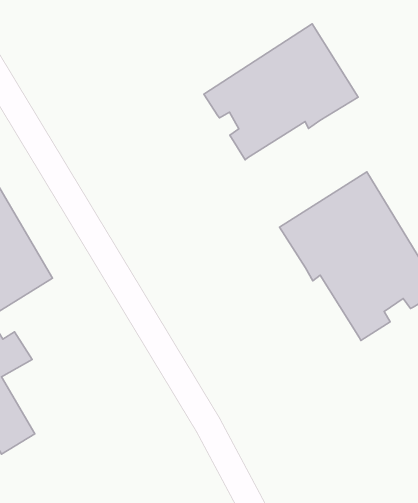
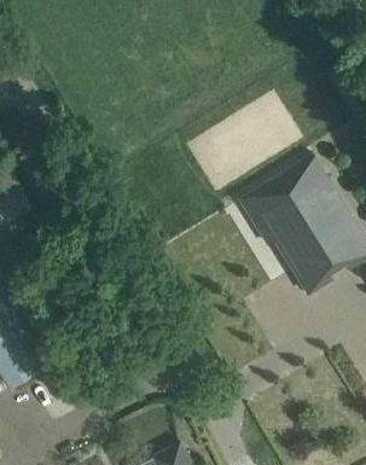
building: [204,24,358,160] -> none

